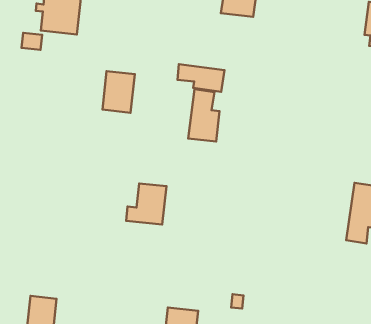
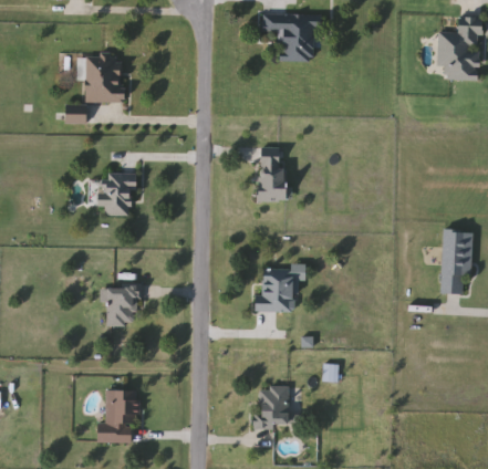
building: [177,64,224,92] -> none
building: [102,71,135,113] -> [102,173,133,215]
building: [126,183,166,225] -> [253,269,293,311]
building: none -> [100,288,136,325]

